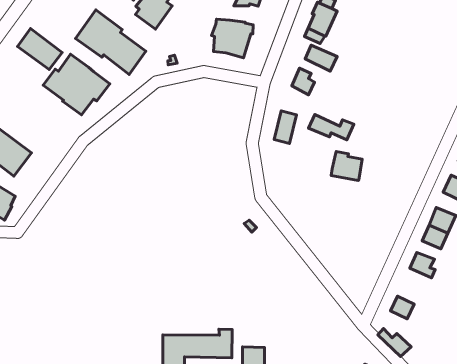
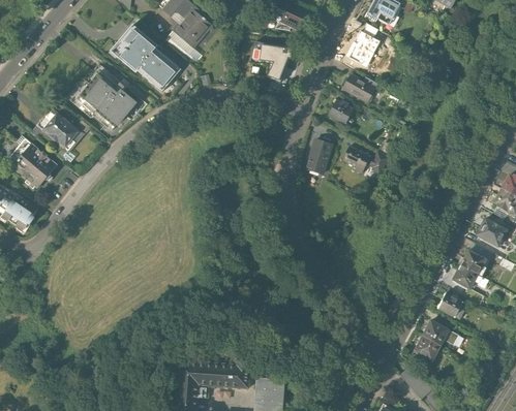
building: [17,28,62,70] -> [37,107,83,151]
building: [331,152,362,181] -> none
building: none -> [422,320,458,346]

